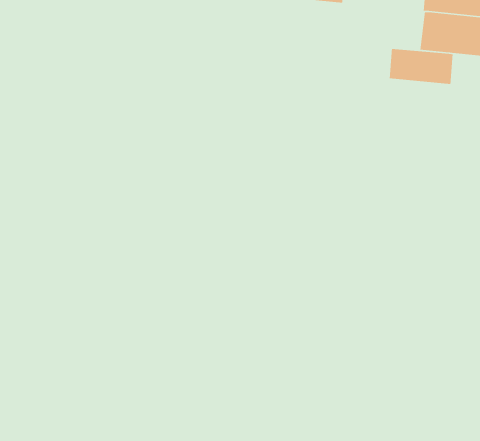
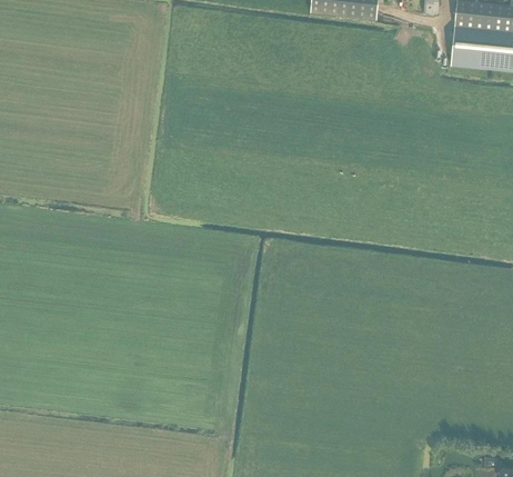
building: [389,48,454,85] -> none

